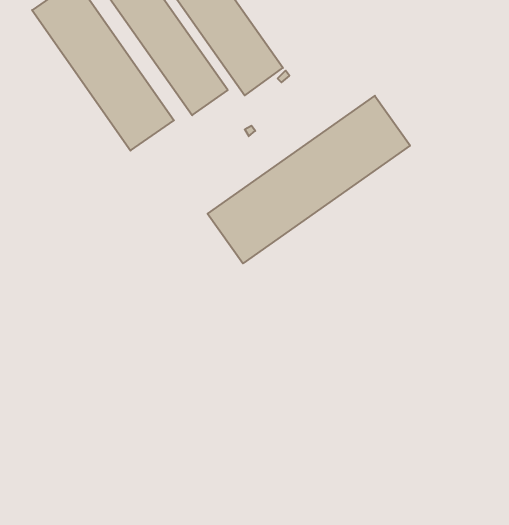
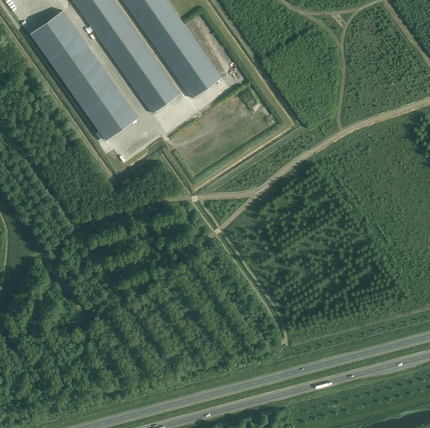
building: [208,96,410,263] -> none

